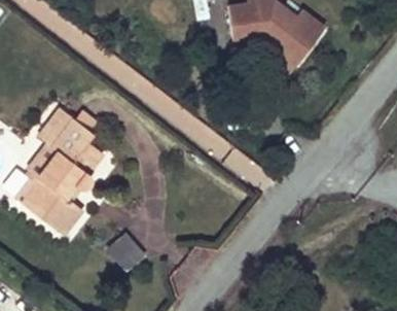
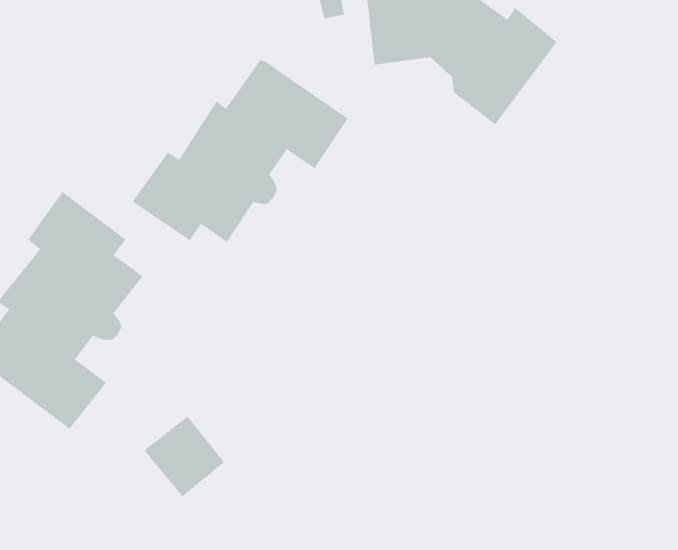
building: none -> [132,59,348,243]

